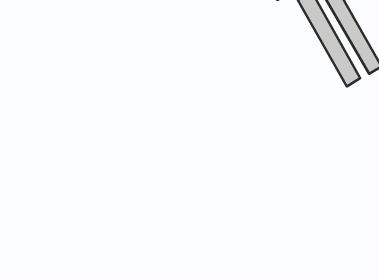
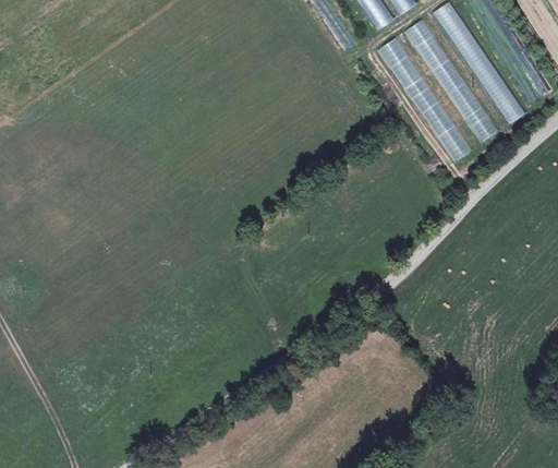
building: none -> [380,36,470,163]

